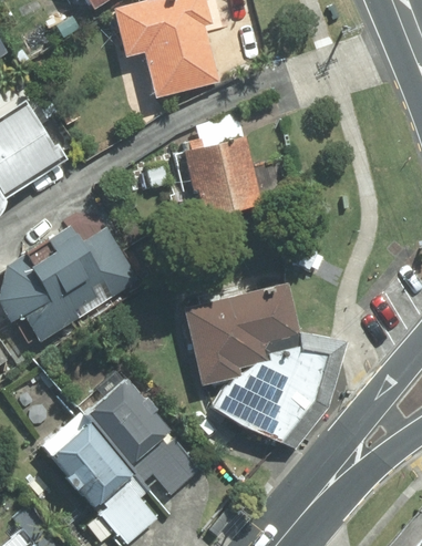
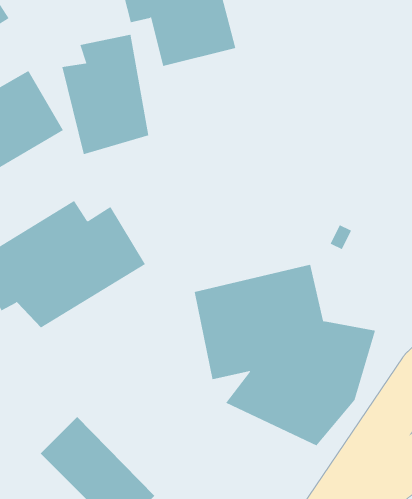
building: [178,111,259,222] -> [61,34,149,155]
building: [84,383,197,491] -> none

